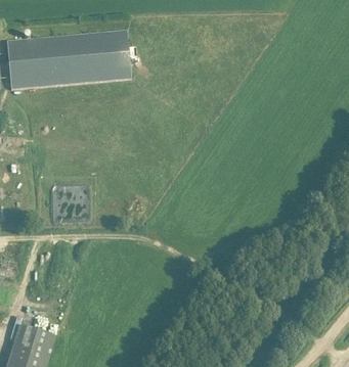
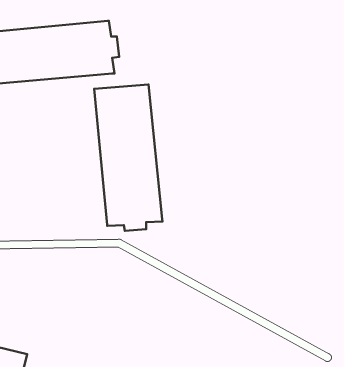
building: none -> [94,85,163,231]

